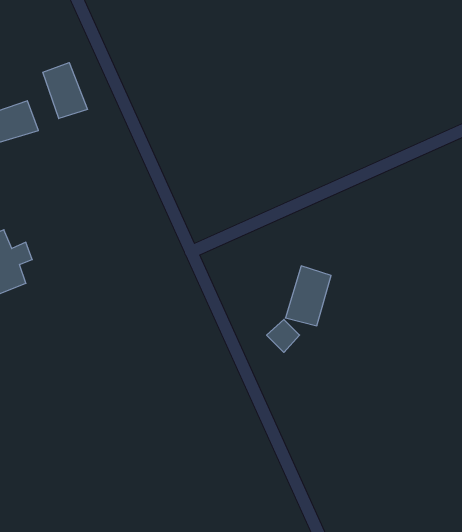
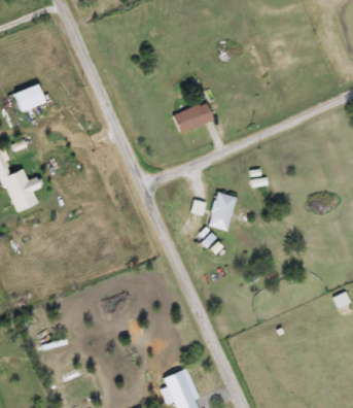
building: [43,63,87,119] -> none
building: none -> [172,102,213,136]

